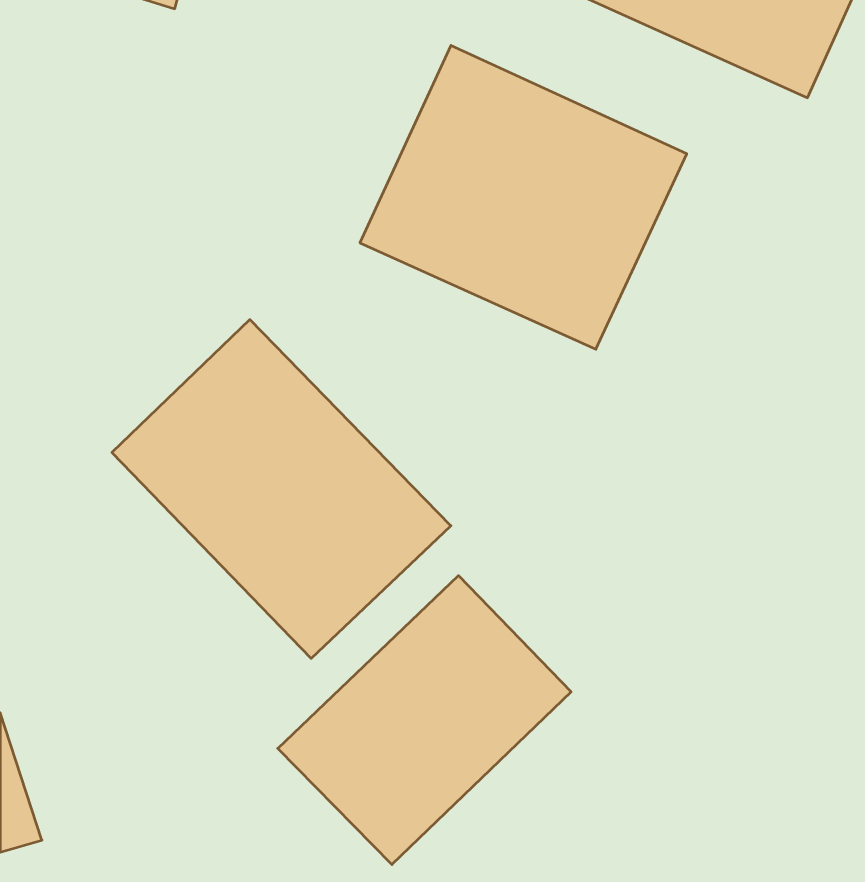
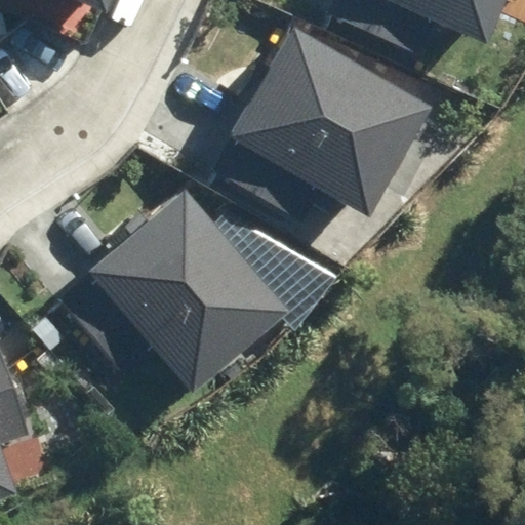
building: [278,576,571,865] -> none

